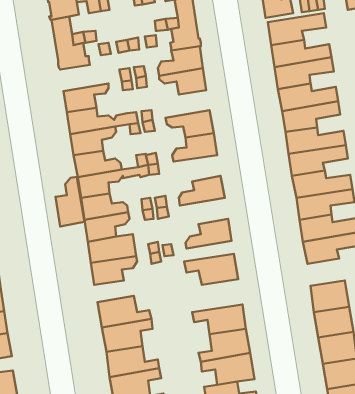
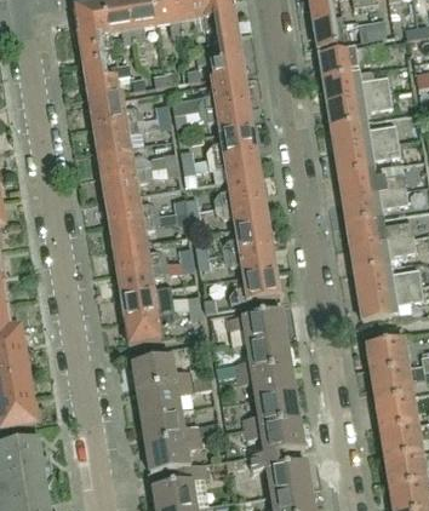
building: none -> [91,101,144,130]
building: none -> [206,128,256,159]
building: none -> [216,200,268,229]
building: [55,177,85,226] -> none
building: none -> [223,247,276,276]
building: none -> [216,337,292,375]

